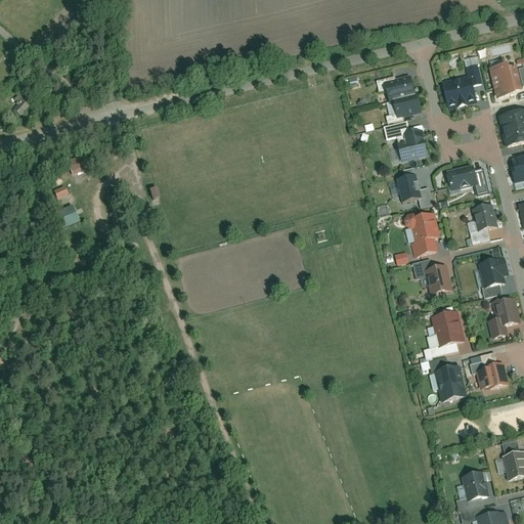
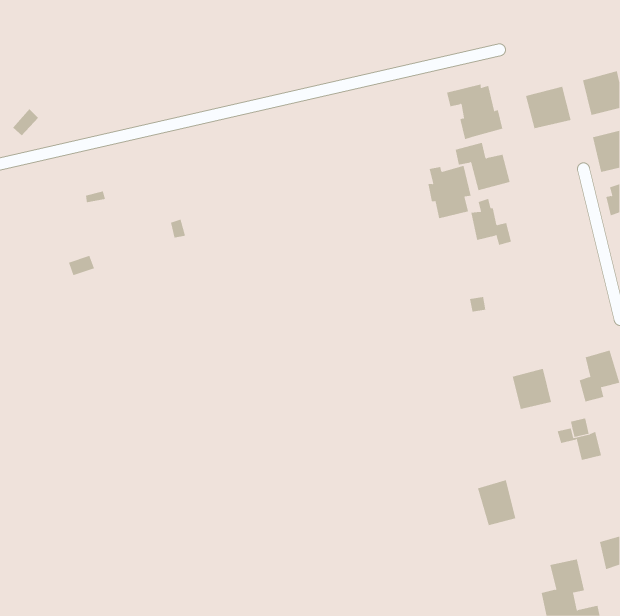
building: [446,163,489,193] -> none
building: [468,204,498,243] -> none
building: [405,211,442,256] -> [428,165,471,219]
building: [479,257,509,289] -> none
building: [413,258,452,295] -> none
building: [434,363,467,402] -> [477,480,516,526]

